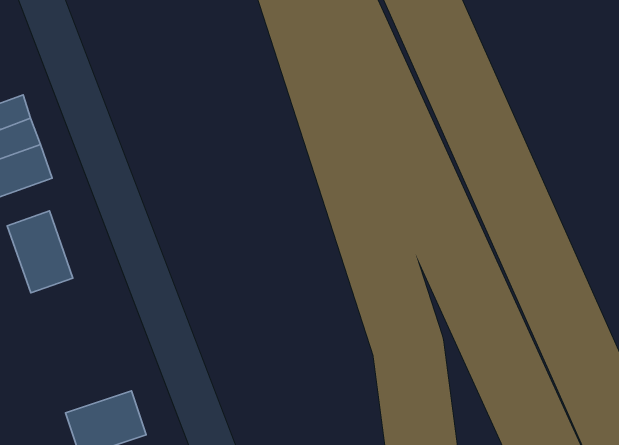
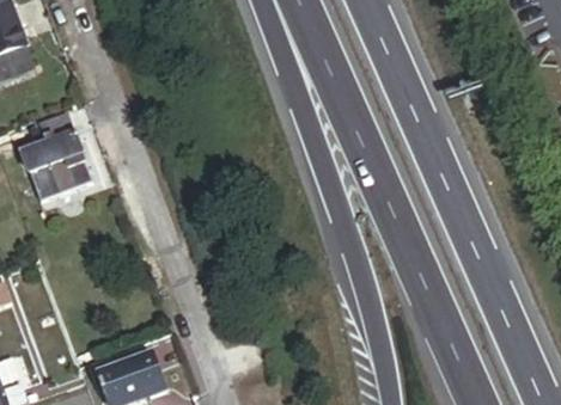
building: [7,211,73,293] -> none

